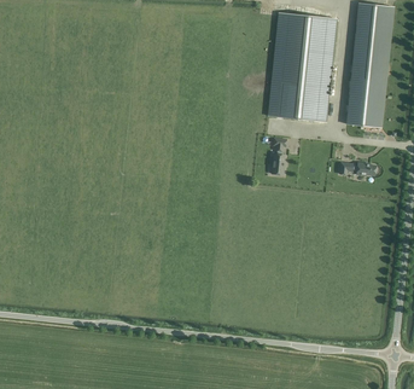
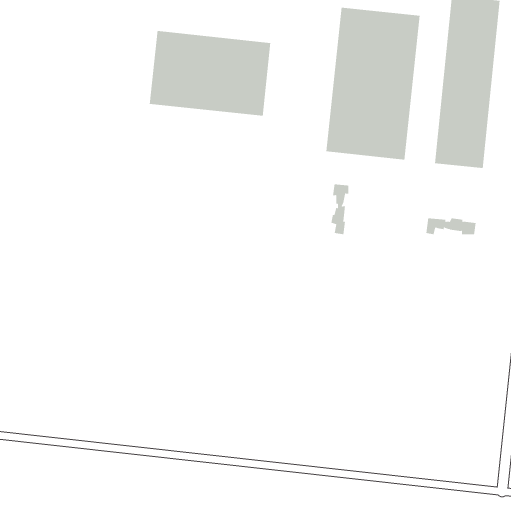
building: none -> [149,30,271,117]

